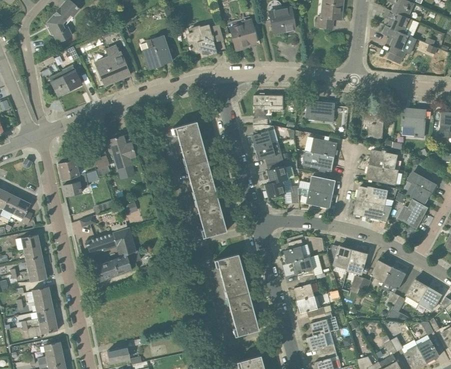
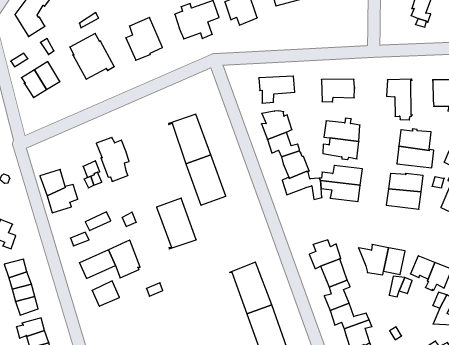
building: [194,195,226,238] -> [157,198,196,249]
building: [112,250,140,275] -> none

